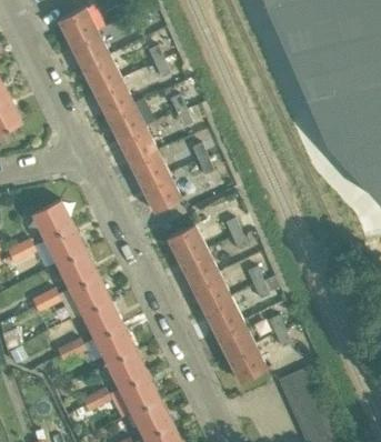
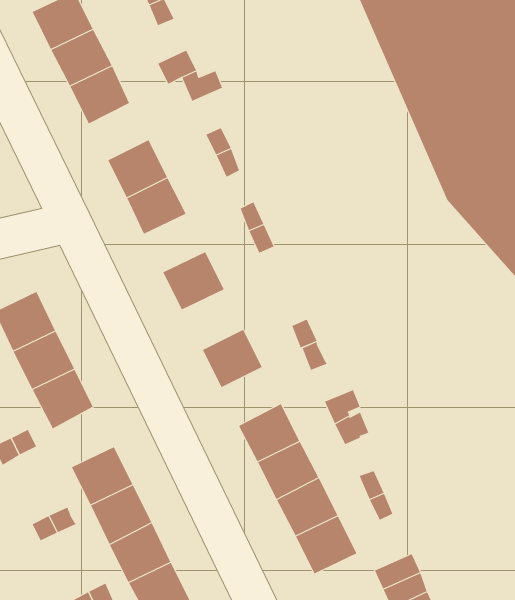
building: [94,80,133,117] -> none
building: [130,151,170,189] -> none
building: [180,250,219,288] -> none
building: [71,275,111,314] -> none

